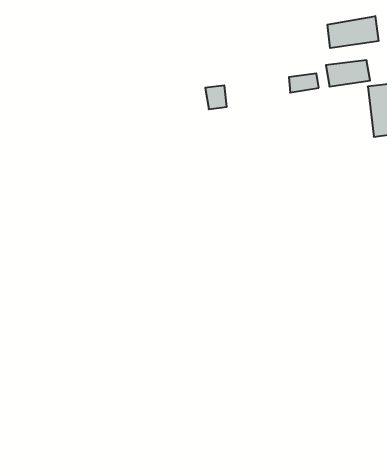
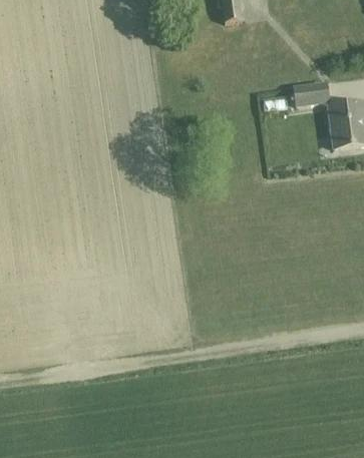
building: [327,16,378,48] -> none

